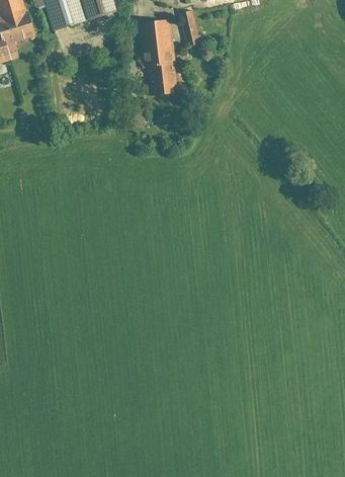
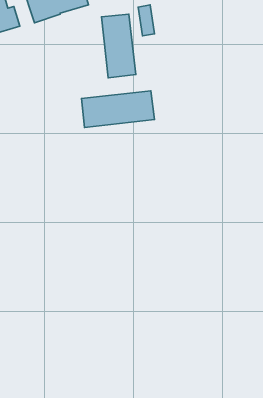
building: none -> [82,91,155,127]

